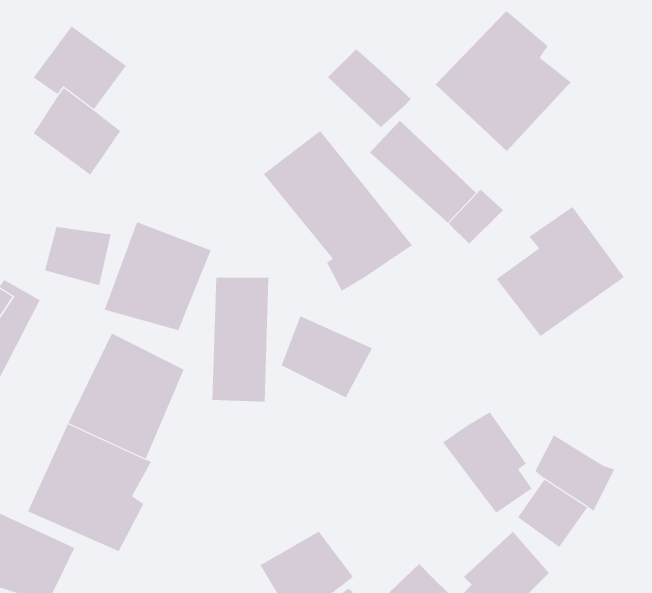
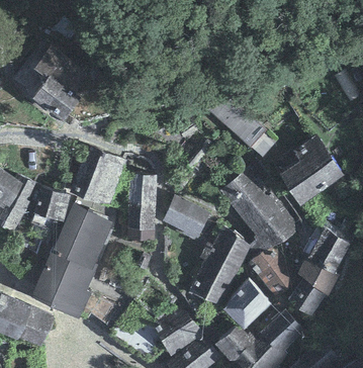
building: [435,10,572,152] -> none
building: [327,48,412,128] -> none
building: [263,130,413,291] -> [220,168,299,253]
building: [44,226,112,286] -> [34,191,70,222]
building: none -> [307,229,351,274]
building: none -> [190,232,251,304]
building: none -> [223,280,271,330]

